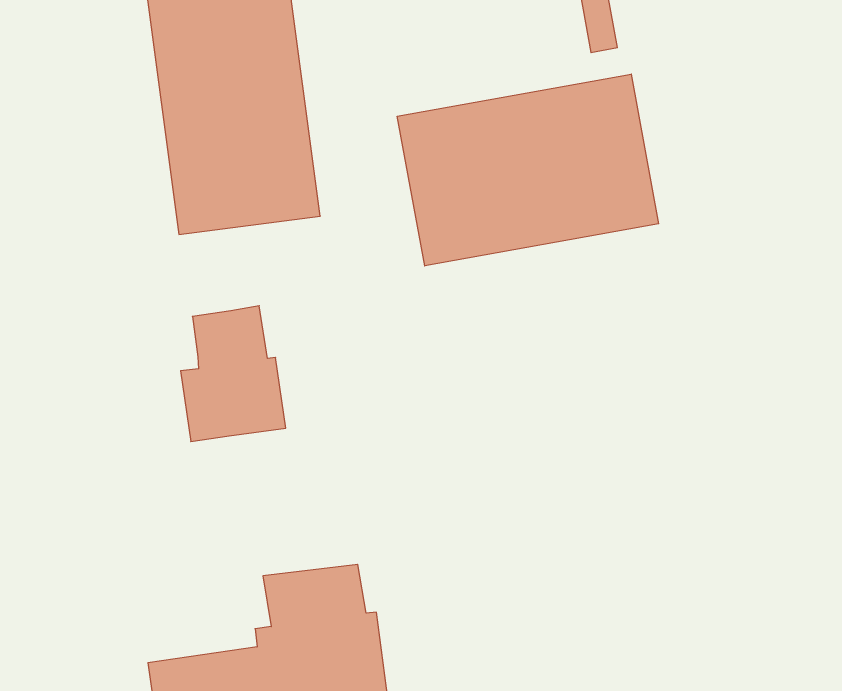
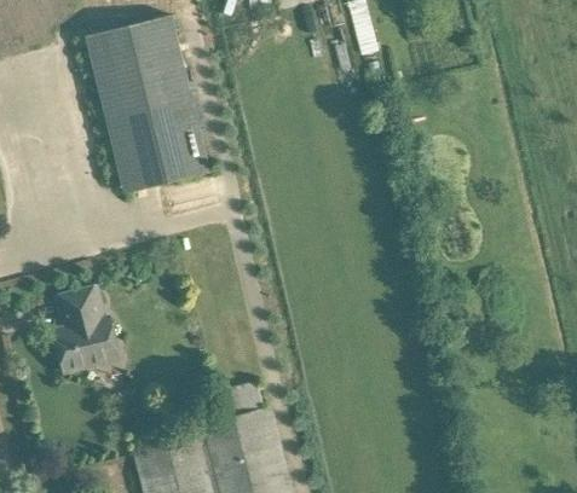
building: [397,74,659,266] -> none
building: [181,306,286,442] -> [52,286,120,373]

